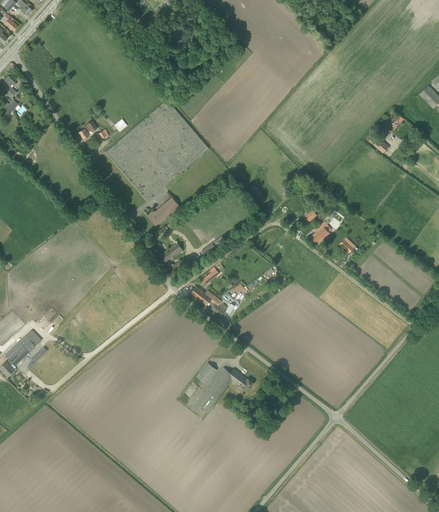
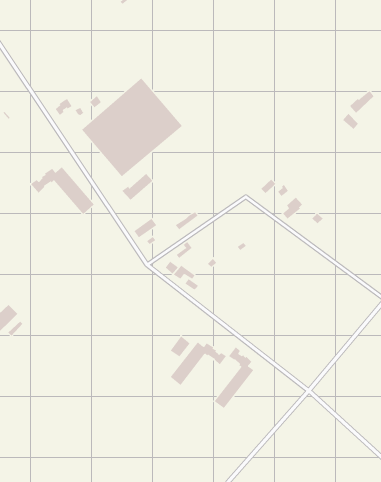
building: none -> [30,166,94,215]
building: none -> [214,347,254,409]

